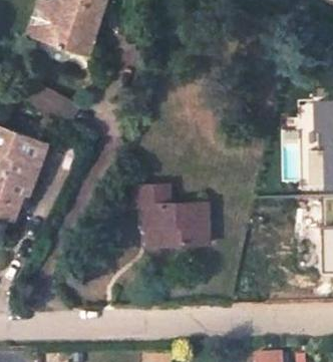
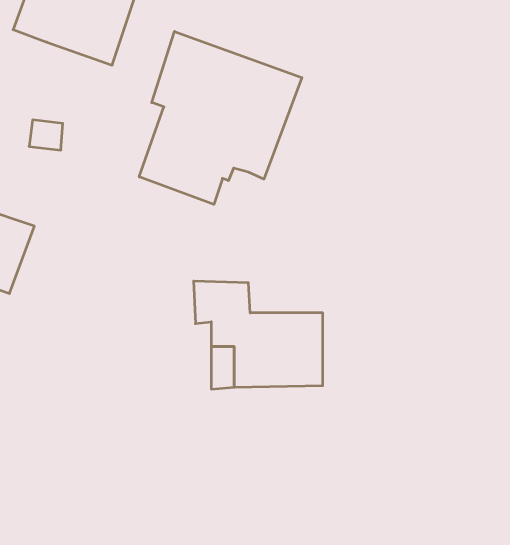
building: none -> [139,31,302,204]

